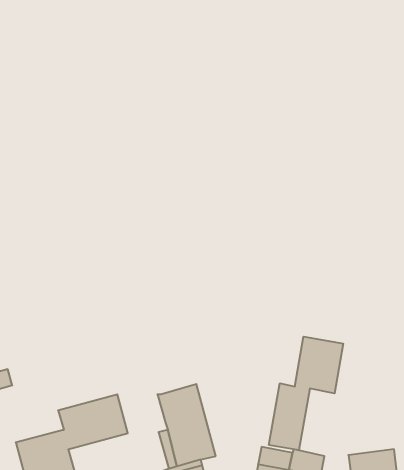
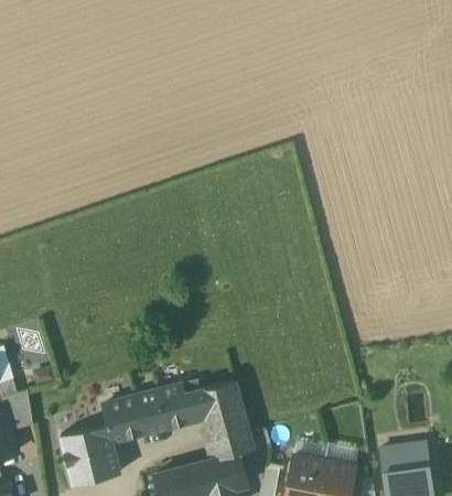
building: [269,337,343,450] -> none
building: none -> [158,379,204,427]

